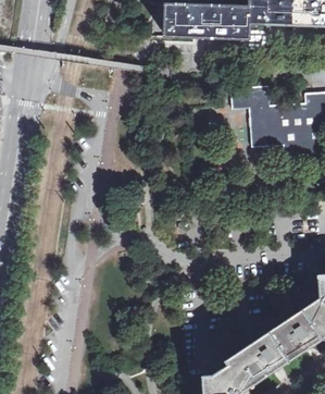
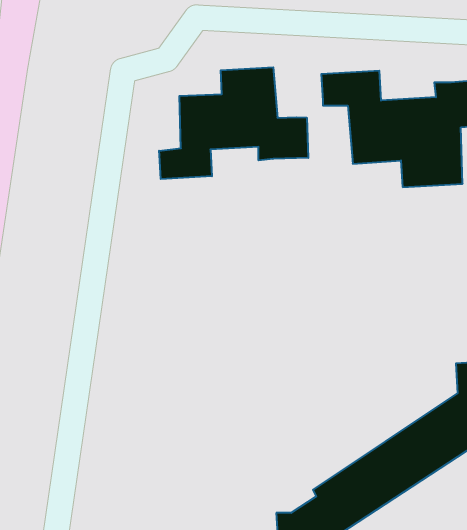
building: none -> [159,67,308,179]

